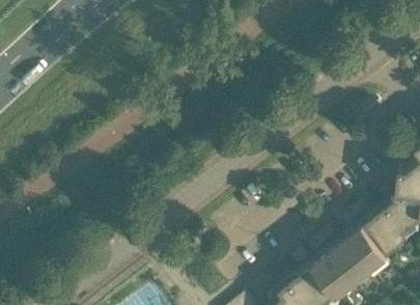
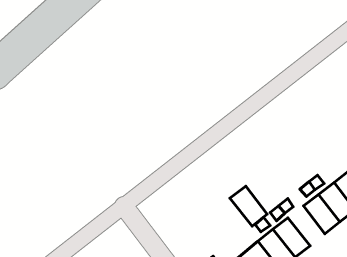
building: [330,241,371,285] -> [230,186,267,226]

